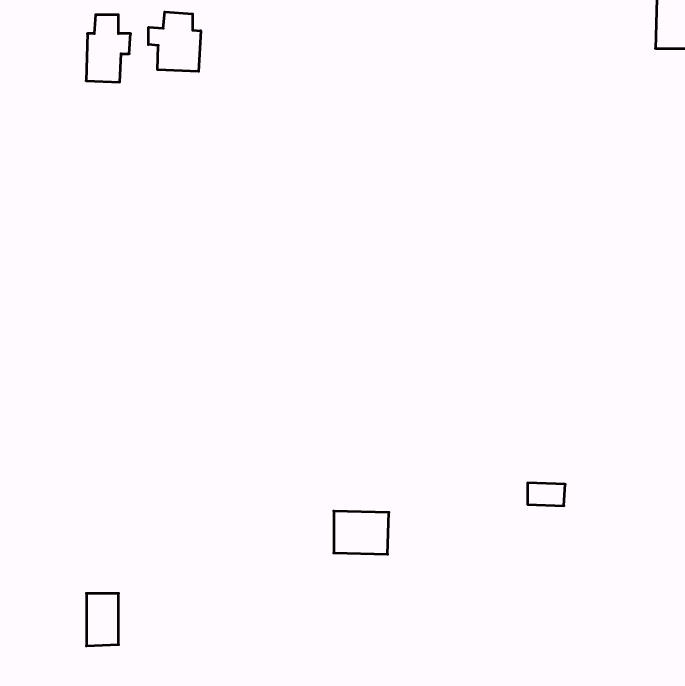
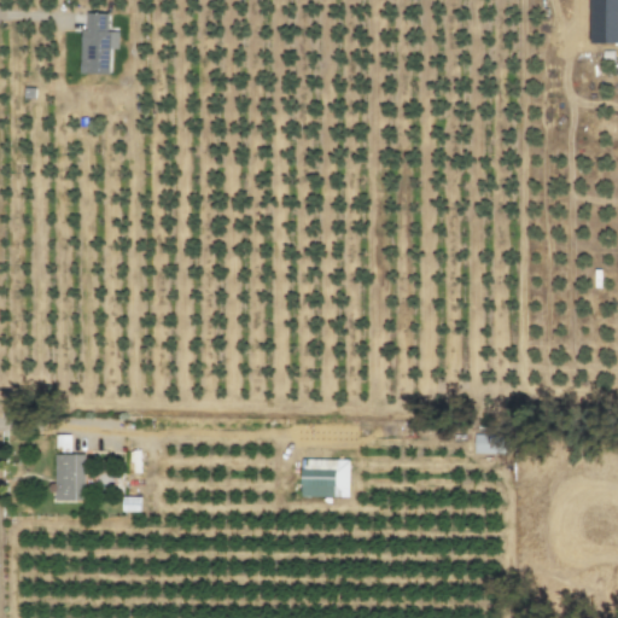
building: [148,12,201,71] -> none
building: [86,593,119,646] -> [57,454,86,501]

